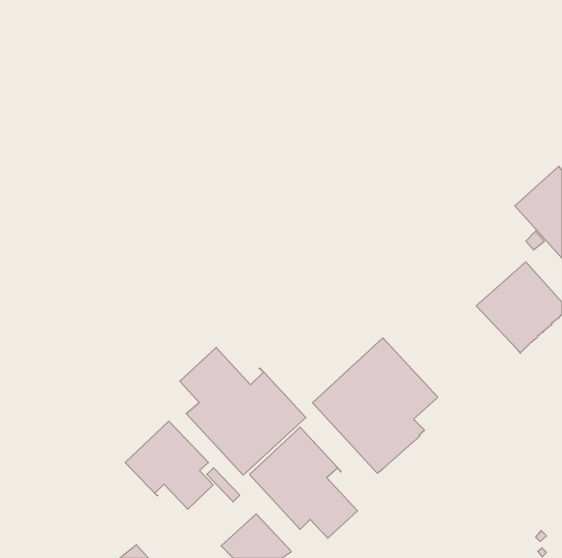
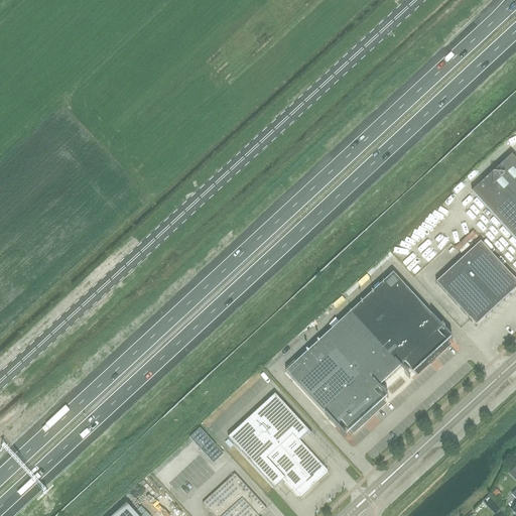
building: none -> [351,271,453,375]
building: [180,347,306,475] -> none
building: [125,421,213,509] -> none

